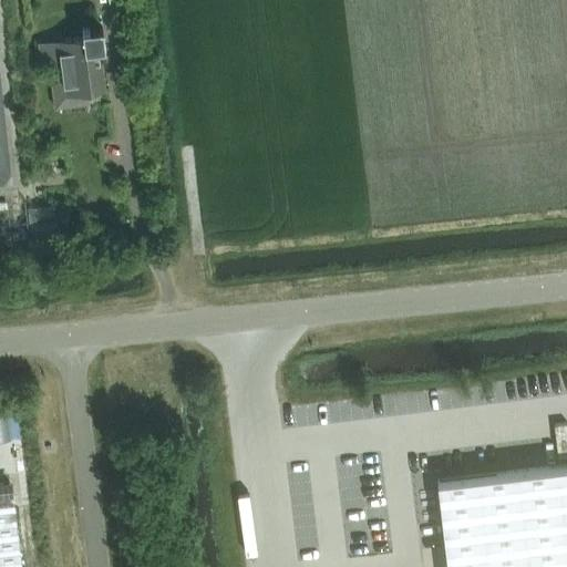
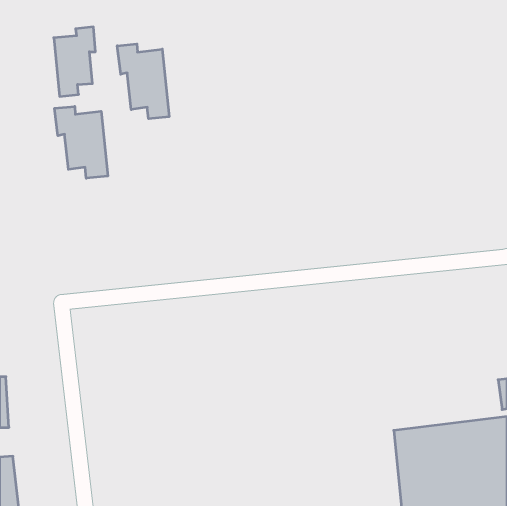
building: none -> [117,44,169,119]
building: none -> [55,106,108,178]

